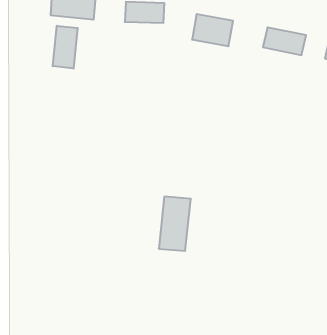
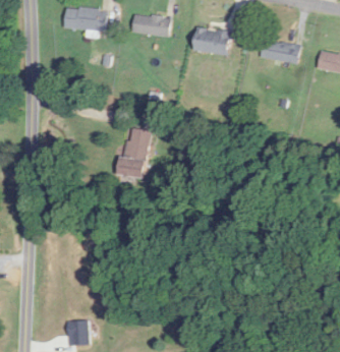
building: [53,26,78,69] -> none
building: [159,197,191,251] -> [120,128,150,178]

